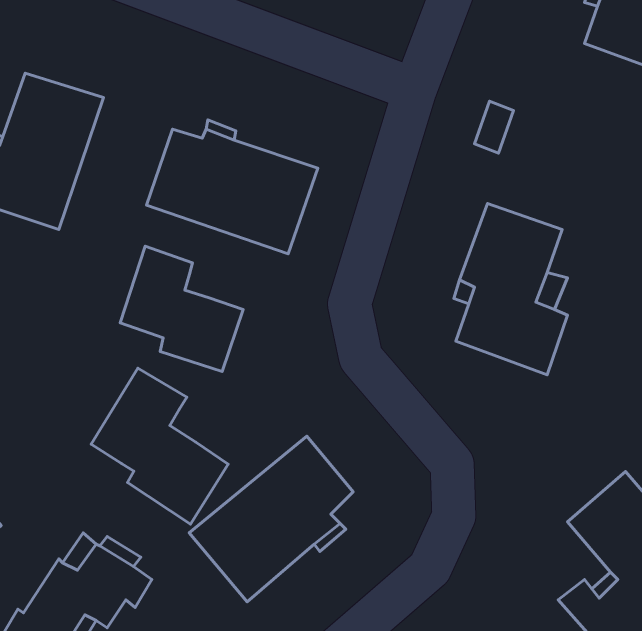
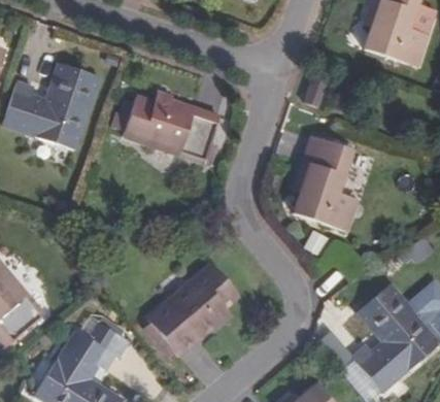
building: [120,246,243,371] -> none
building: [91,368,228,524] -> none

